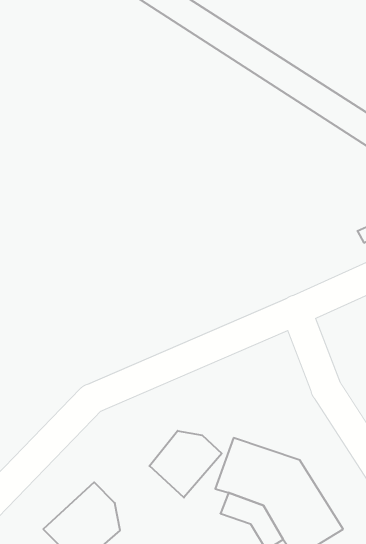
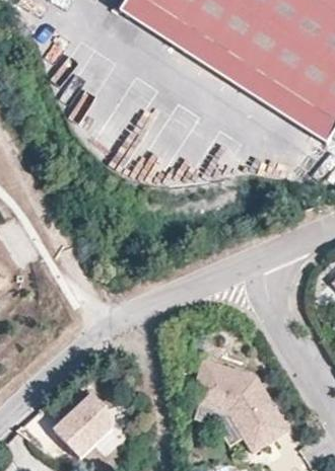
building: [149,431,222,498] -> none

